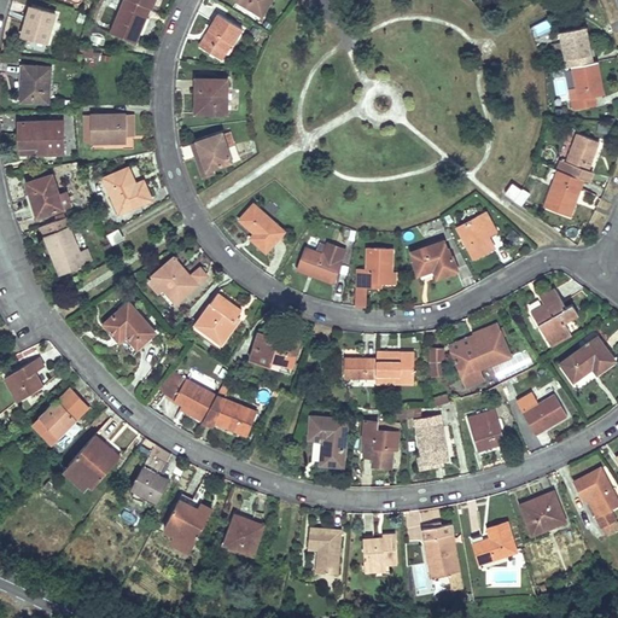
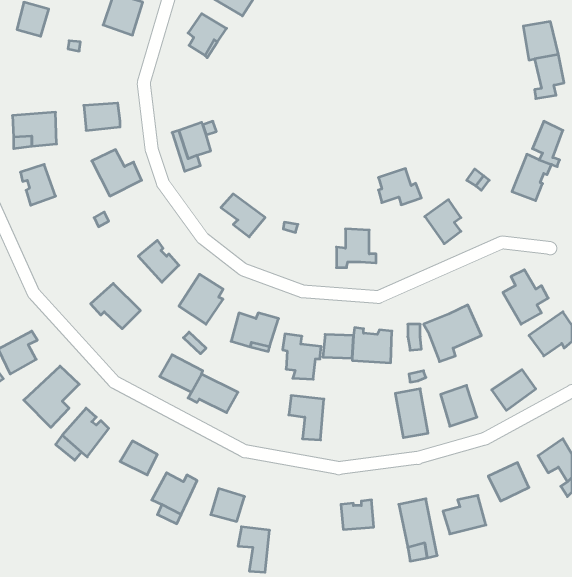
building: [17,60,46,100] -> none
building: [191,81,223,117] -> none
building: [34,217,92,276] -> none
building: [418,237,464,275] -> [378,169,421,205]
building: [296,250,342,282] -> none
building: [362,422,403,471] -> [283,334,321,379]
building: [309,527,343,576] -> [238,527,270,572]

